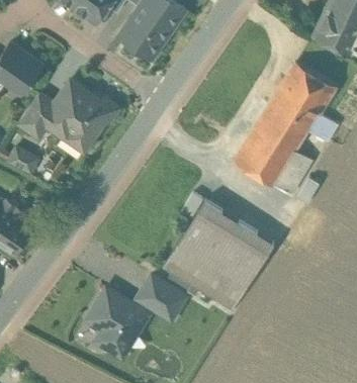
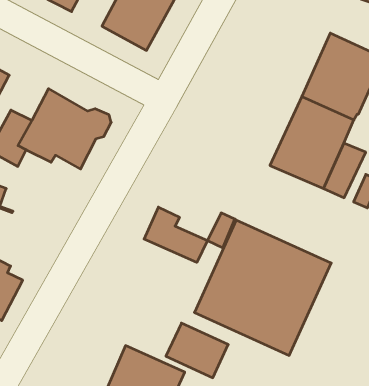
building: none -> [144,207,208,262]

